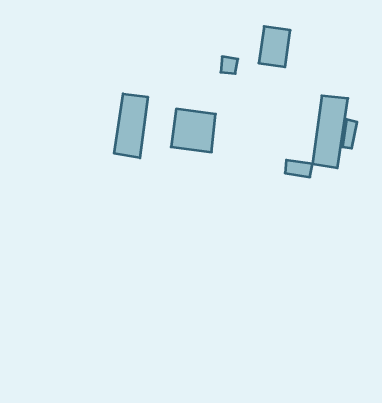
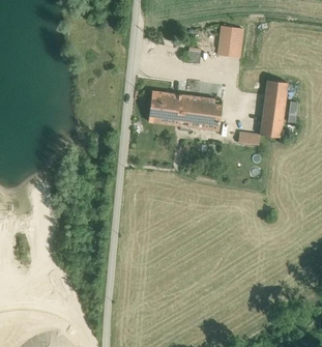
building: [114,94,148,158] -> none
building: none -> [180,95,223,131]

